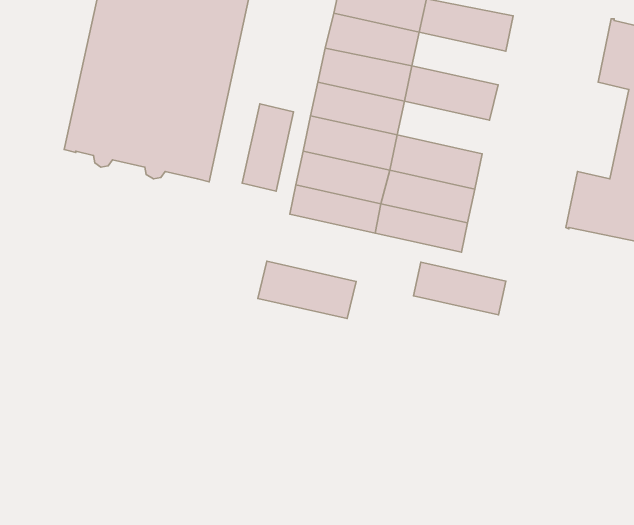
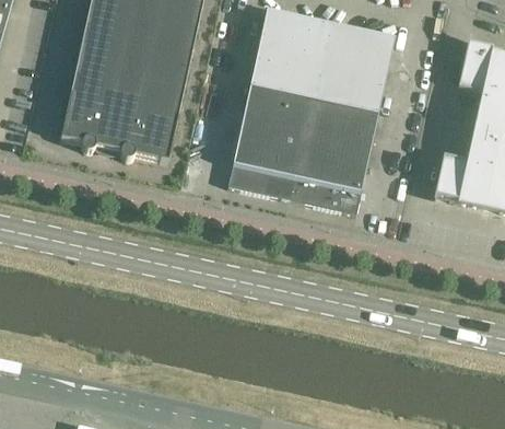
building: none -> [319,48,389,88]
building: [242,104,294,191] -> none
building: [258,261,356,318] -> none
building: [413,262,506,315] -> [308,100,377,139]

